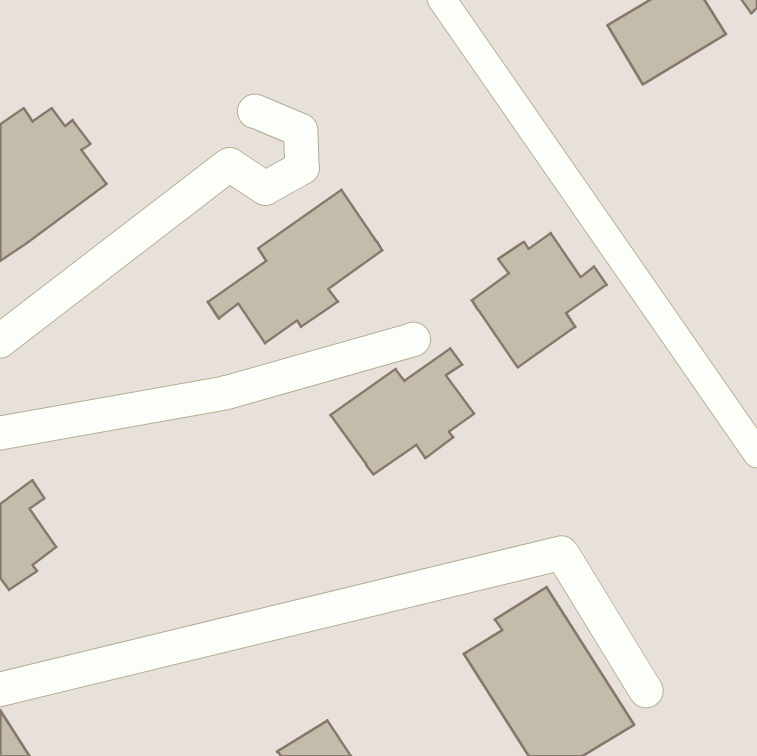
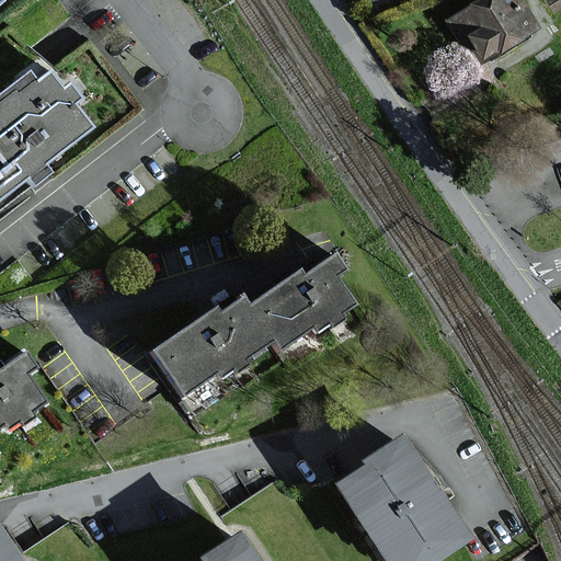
building: [208,190,382,343] -> none
building: [472,233,607,367] -> none
building: none -> [147,298,271,397]

